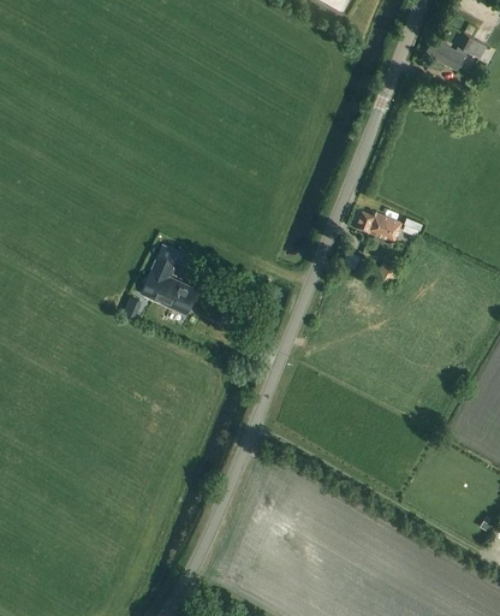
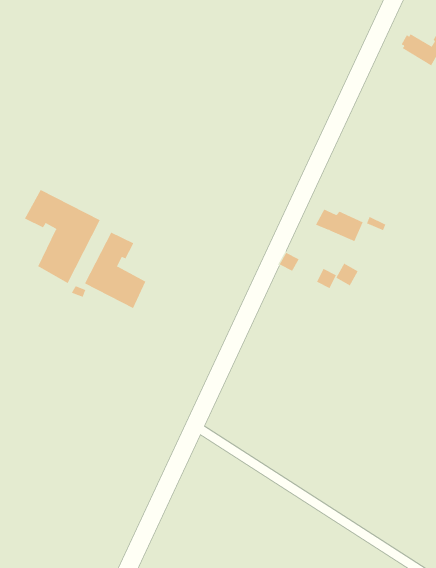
building: none -> [24,189,101,284]

